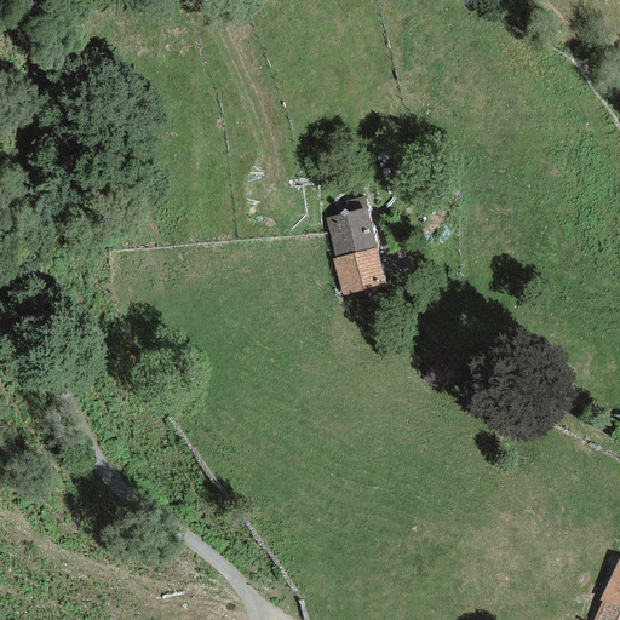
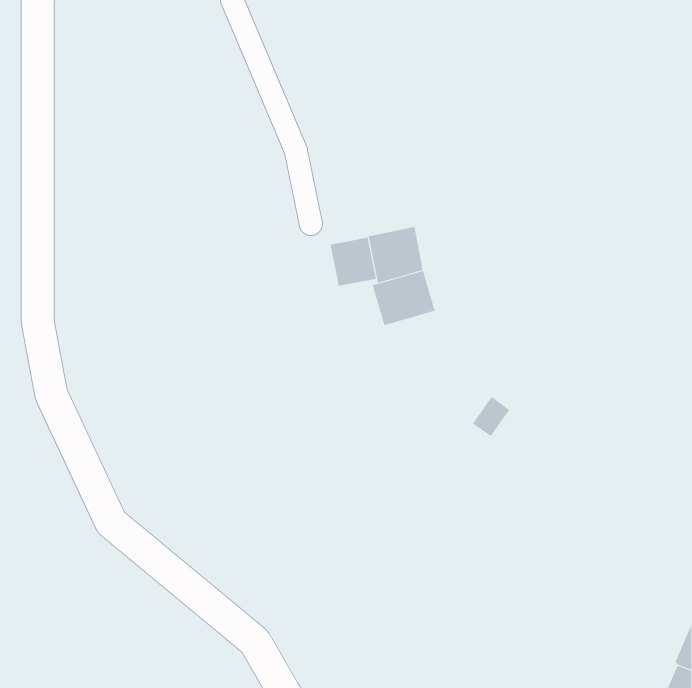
building: none -> [330,237,376,287]

